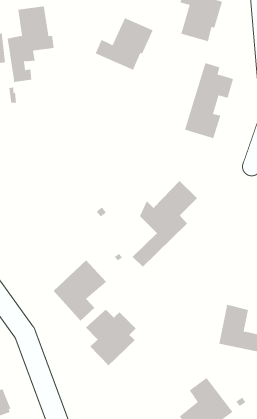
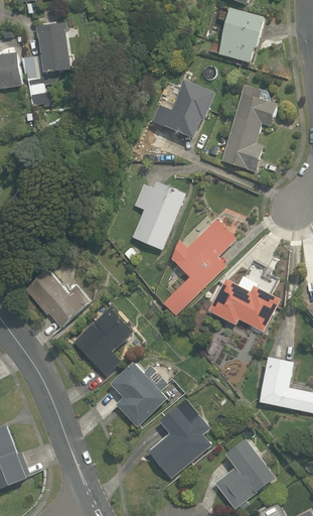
building: [95,18,153,71] -> [151,80,216,139]
building: none -> [131,181,185,250]
building: none -> [25,269,91,328]
building: none -> [208,276,279,331]
building: none -> [149,398,211,478]

